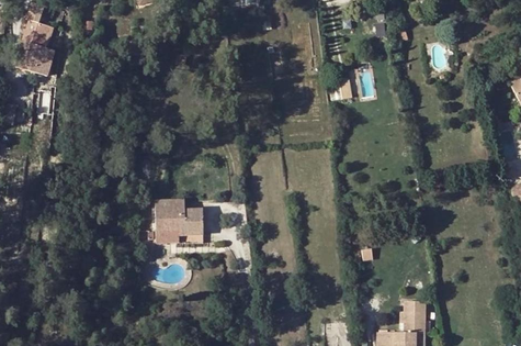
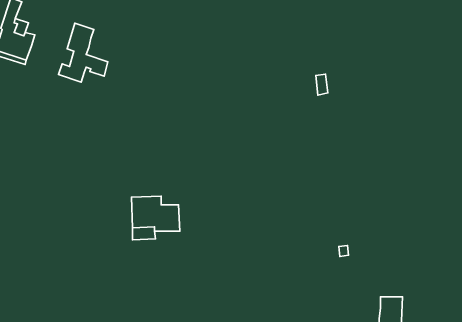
building: none -> [58,23,108,82]

